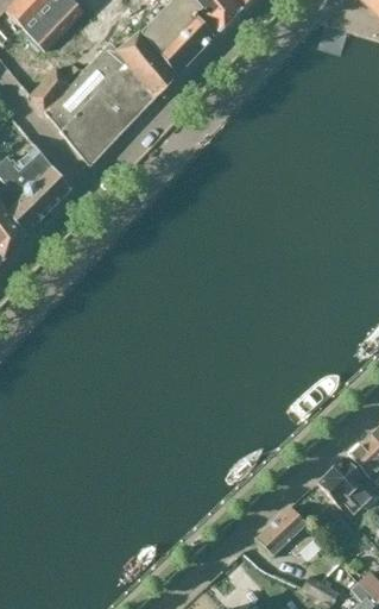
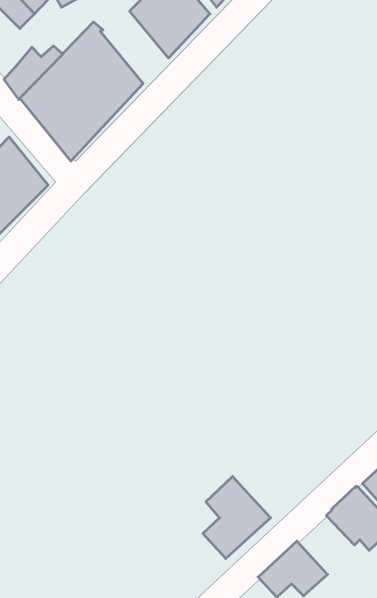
building: [115,33,176,99] -> none
building: none -> [203,476,271,559]

